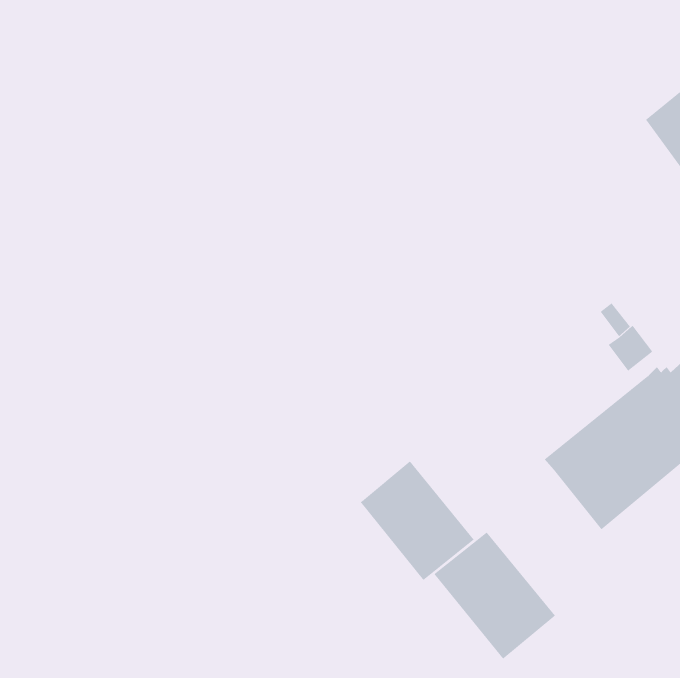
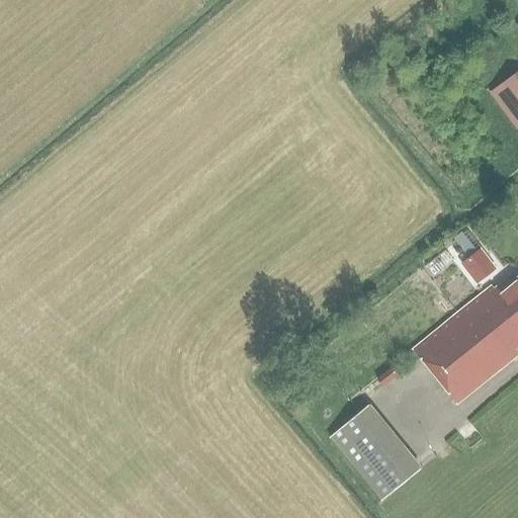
building: [360,460,475,581] -> none

